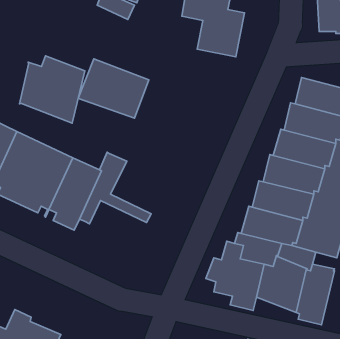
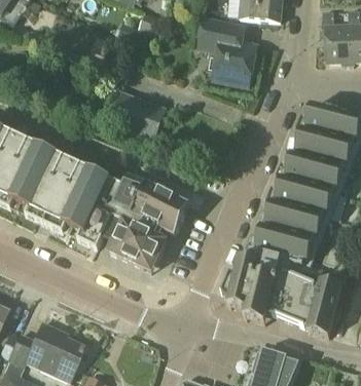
building: [20,56,85,123] -> none
building: none -> [132,183,186,234]
building: none -> [108,220,166,267]

